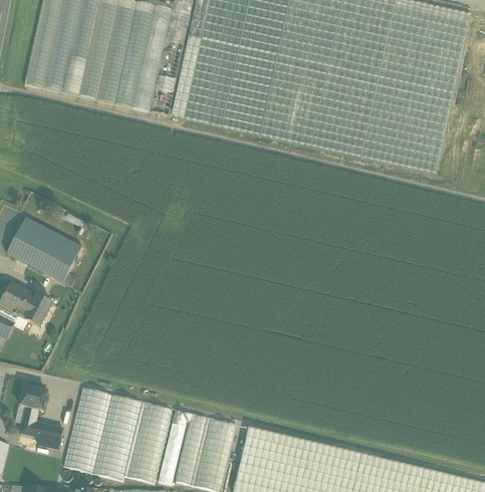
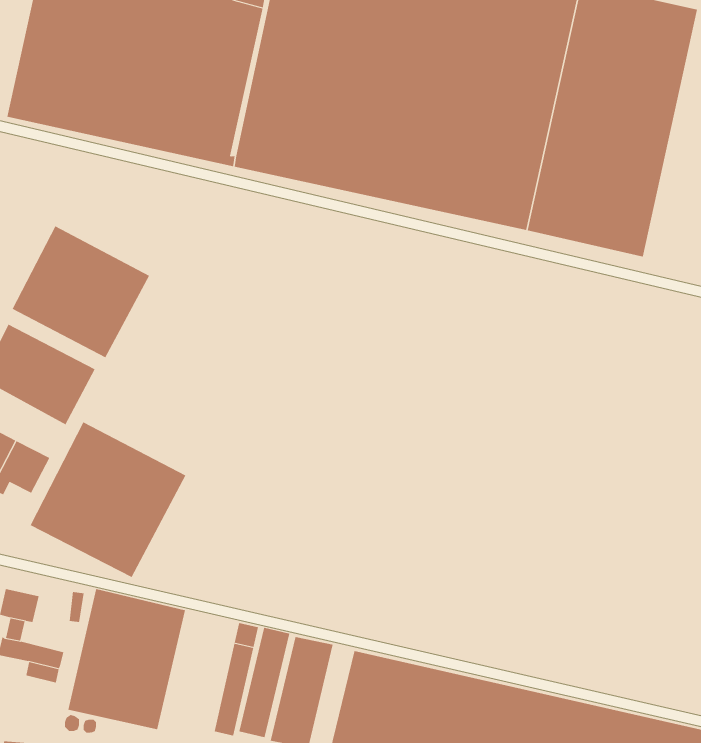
building: none -> [12,226,150,358]
building: none -> [30,421,186,578]
building: [127,402,172,482] -> none

